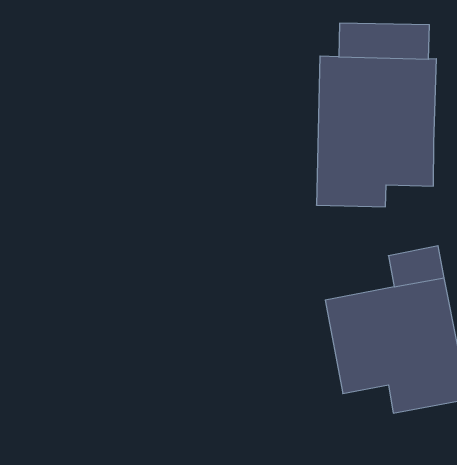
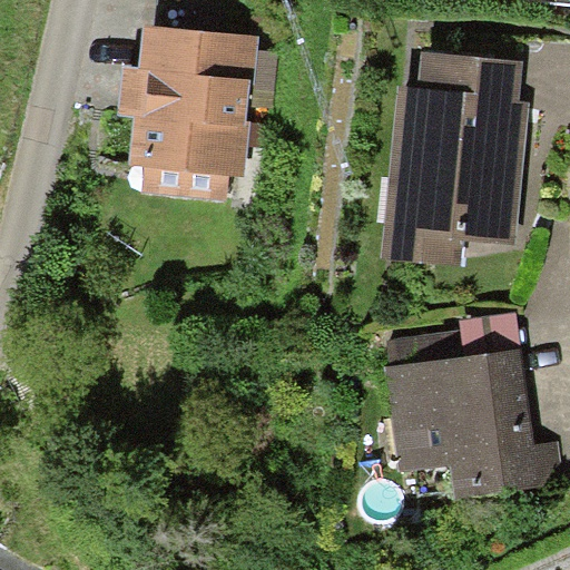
building: none -> [119,26,258,198]

